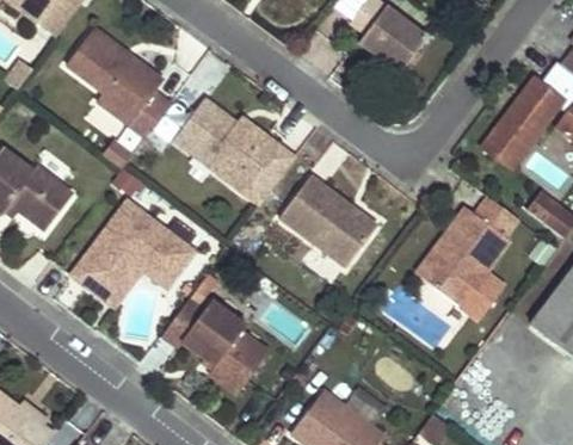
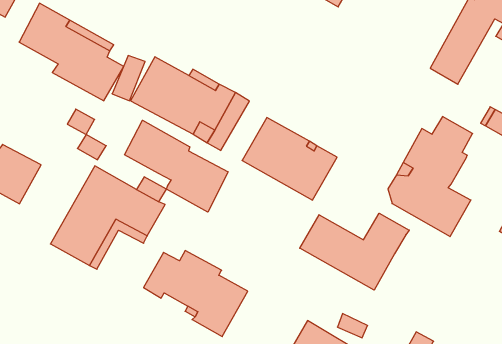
building: none -> [125,120,228,212]
building: none -> [300,213,409,290]

